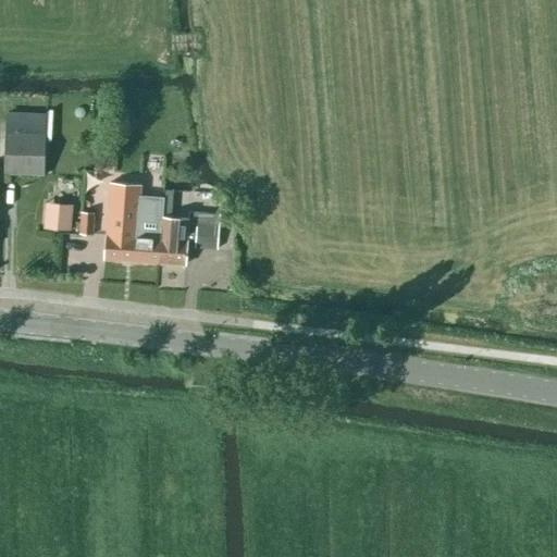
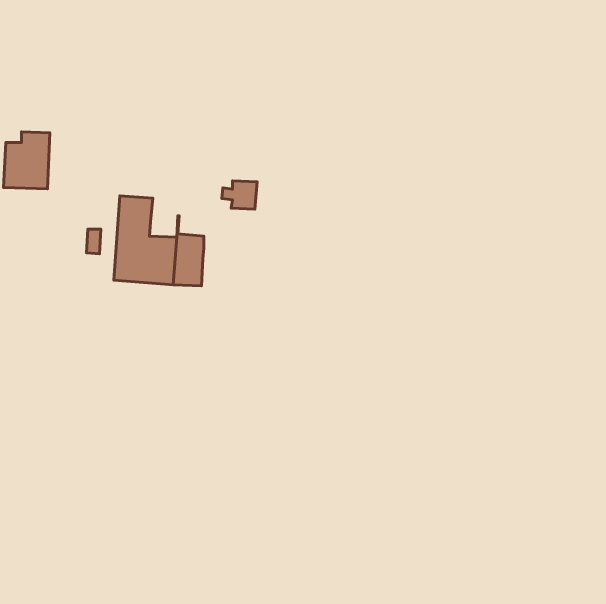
building: [42,201,75,233] -> none
building: [186,221,219,247] -> [222,181,257,209]

